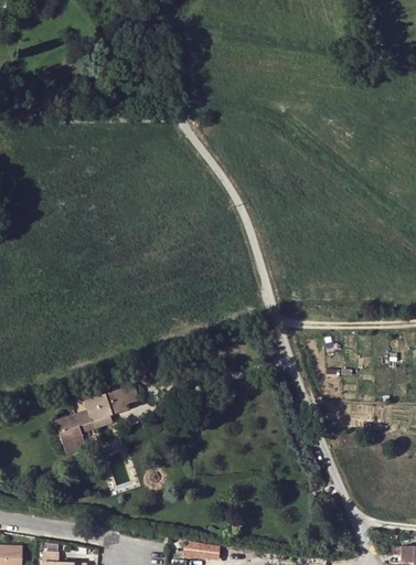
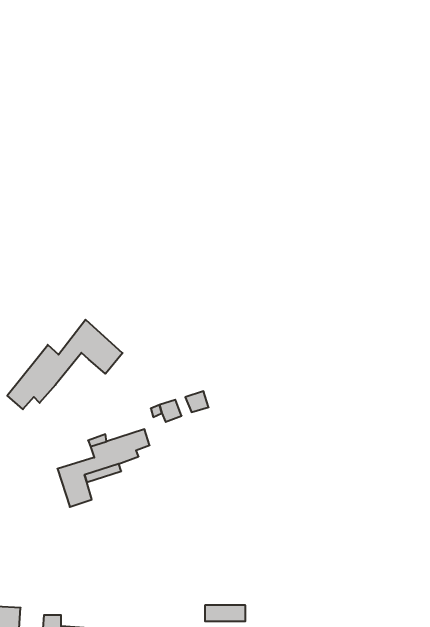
building: none -> [7,320,123,409]

